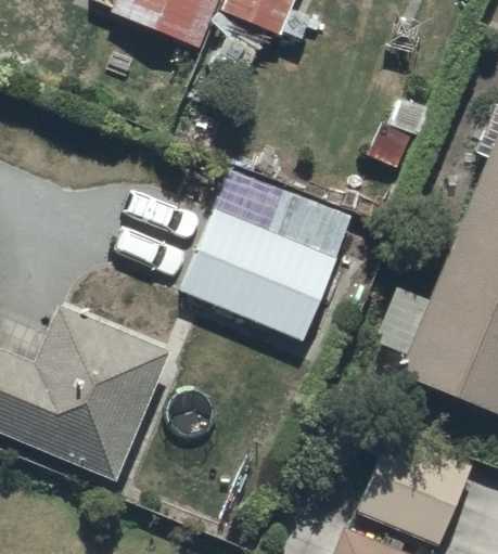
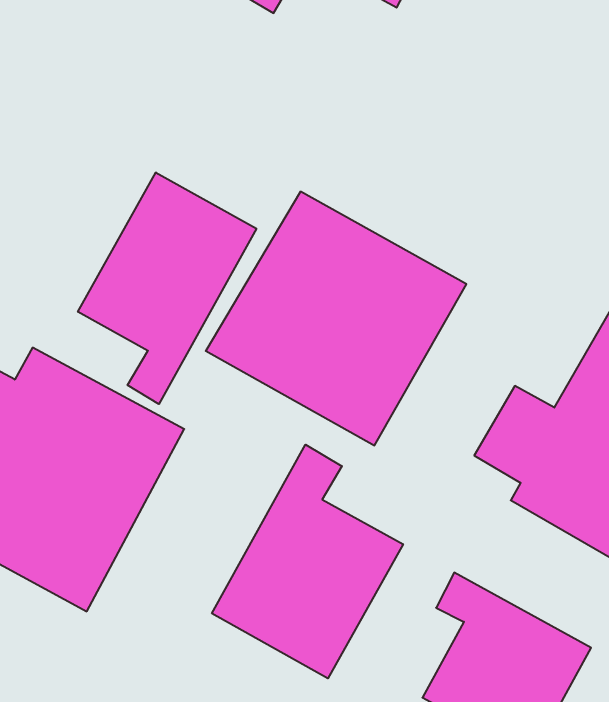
building: none -> [78,172,256,404]
building: none -> [212,445,403,678]

